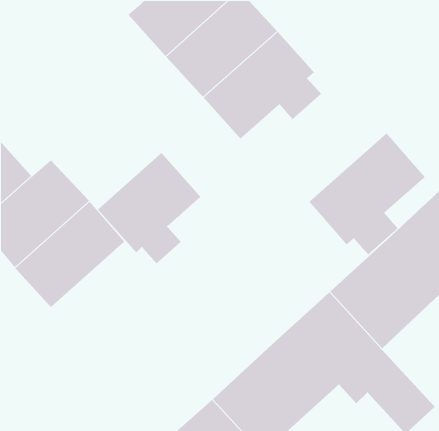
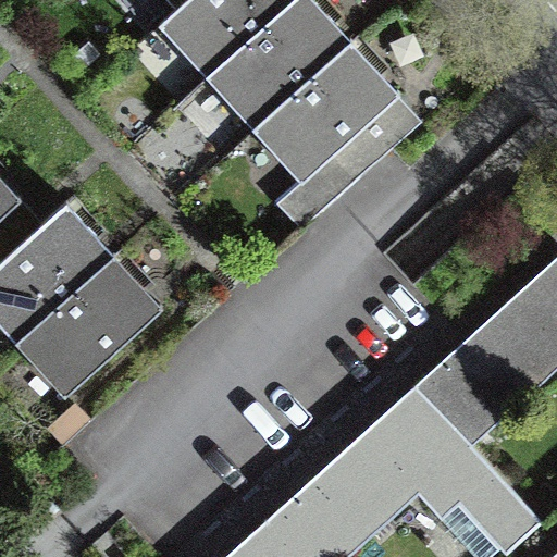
building: [308,132,426,255] -> none
building: [97,152,201,264] -> none

